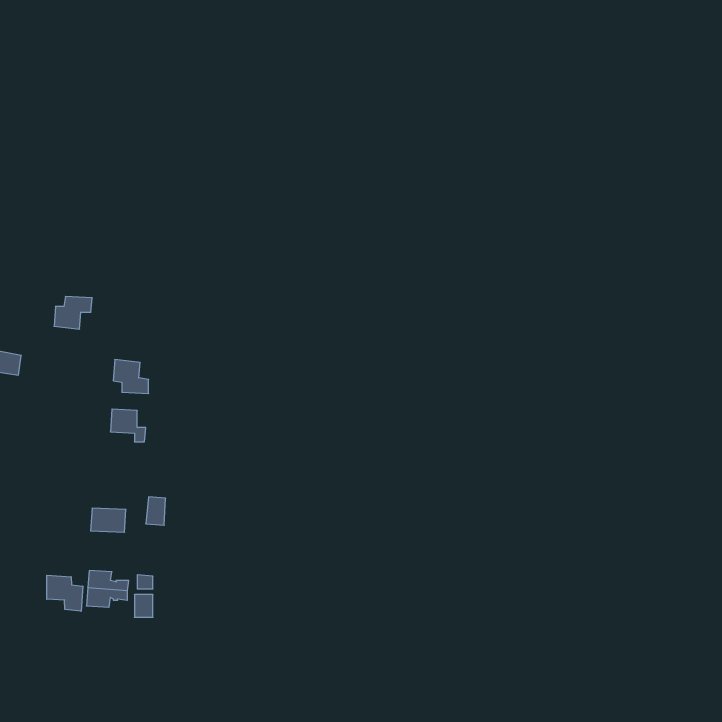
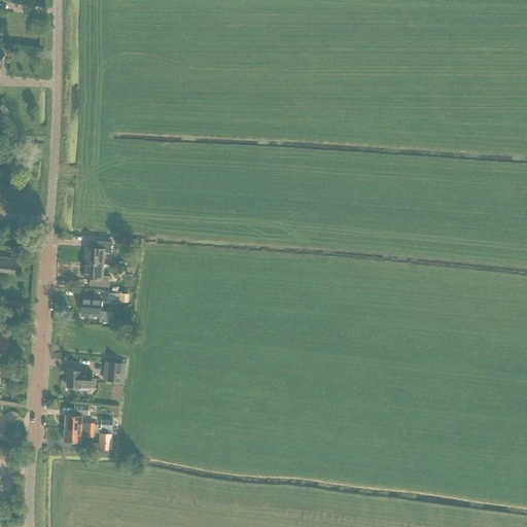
building: [54,296,92,329] -> [83,240,111,264]
building: [47,575,83,611] -> none

